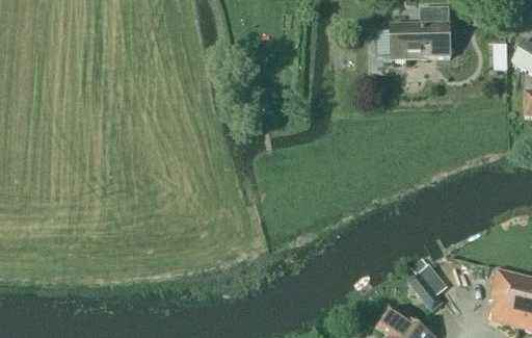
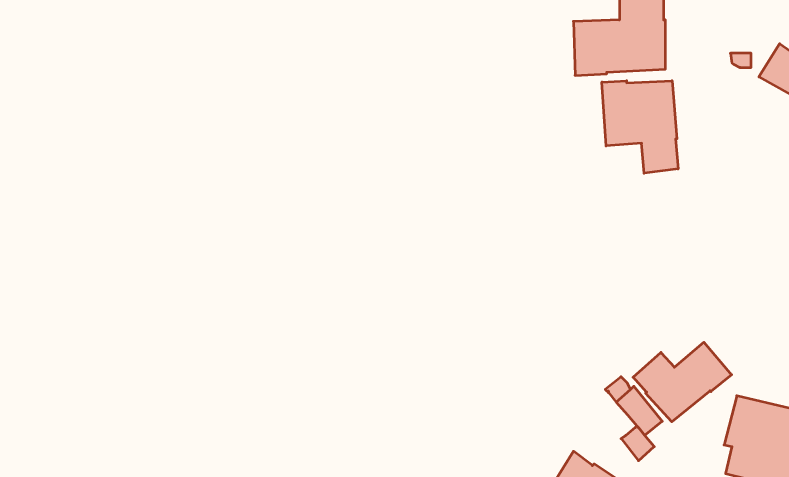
building: none -> [602,81,678,173]
building: none -> [633,342,732,422]

